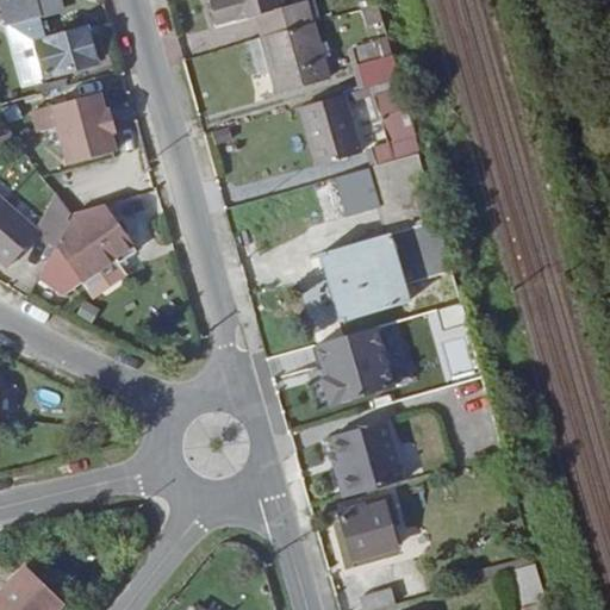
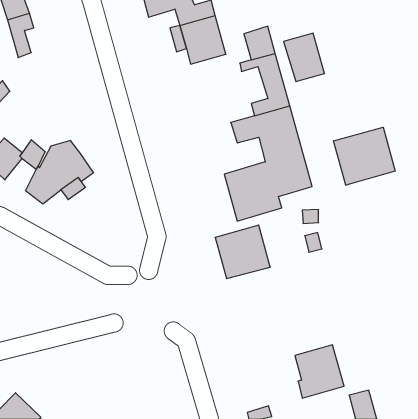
building: [36,30,97,76] -> none
building: [35,92,118,162] -> none
building: [299,94,359,164] -> [284,33,325,82]
building: none -> [334,127,395,185]
building: [332,421,404,498] -> [295,345,344,398]
building: [340,503,396,560] -> none

